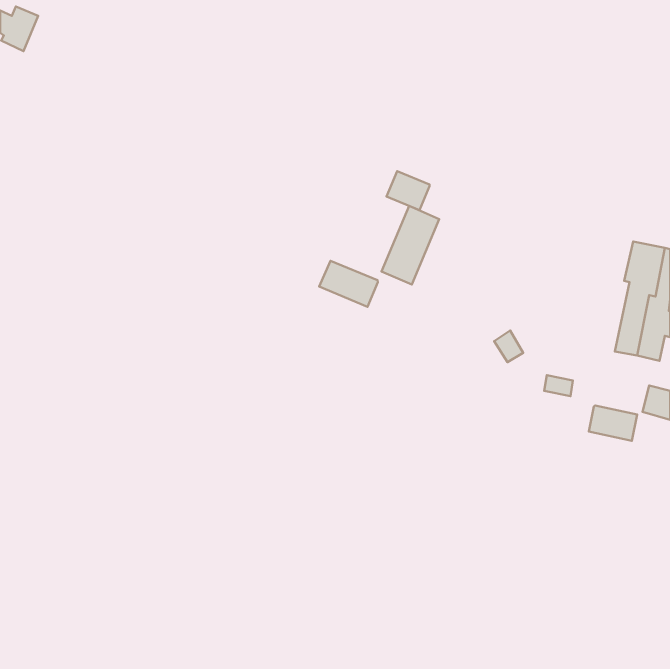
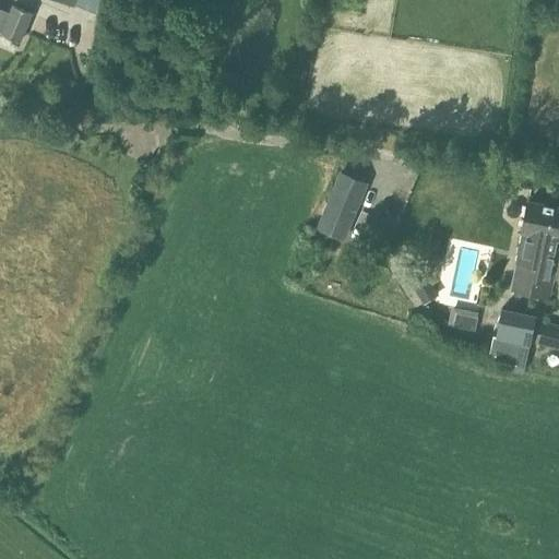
building: [386,171,430,210] -> none
building: [319,261,378,307] -> none
building: none -> [496,310,536,346]

